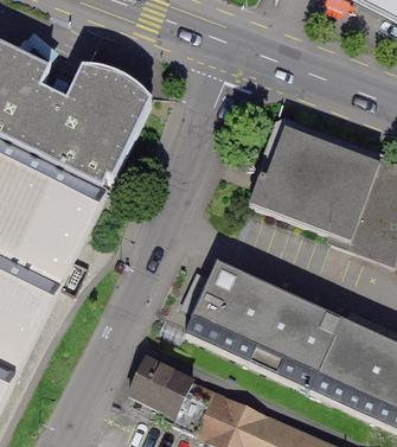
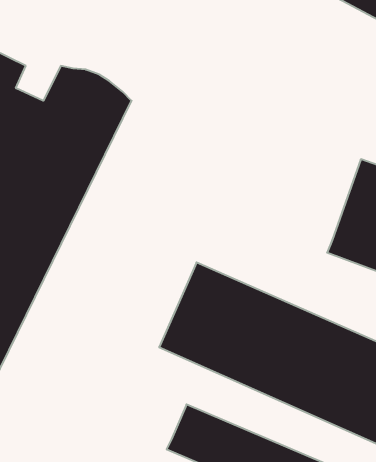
building: [242,120,372,234] -> none
building: [132,364,206,423] -> none

